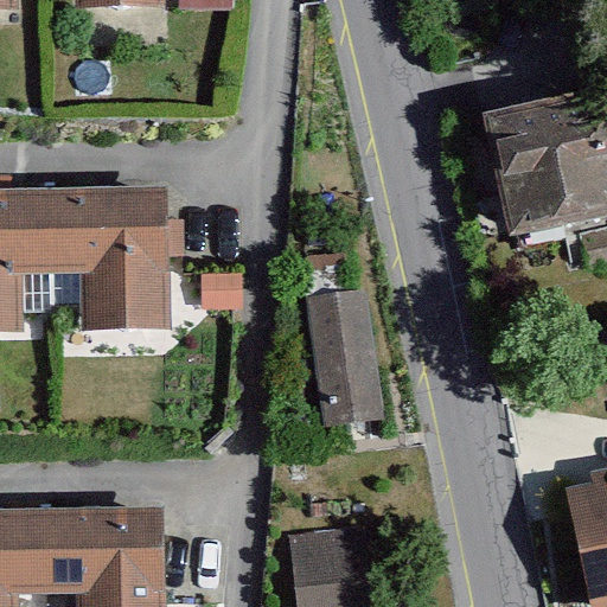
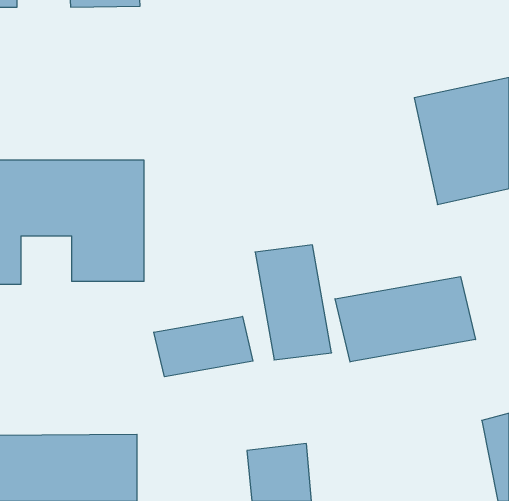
building: none -> [335,277,475,362]
building: none -> [154,316,253,377]

